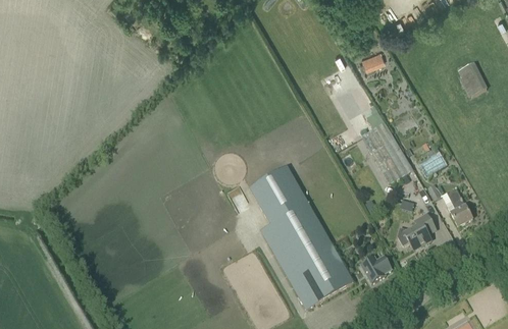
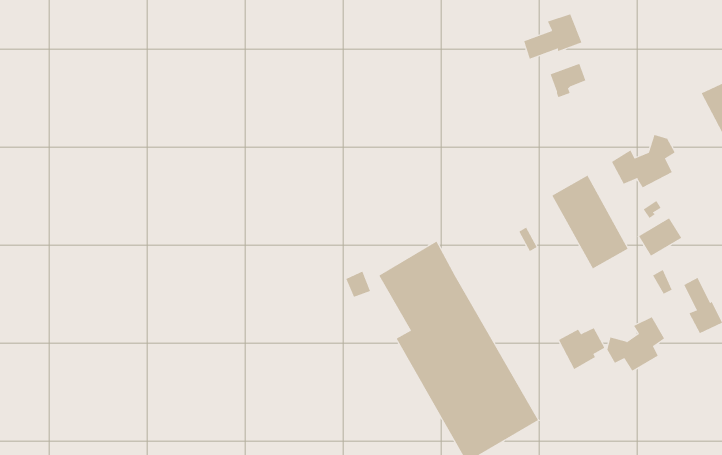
building: none -> [523,13,582,59]
building: none -> [611,134,676,188]
building: [361,257,392,284] -> [558,327,605,370]

